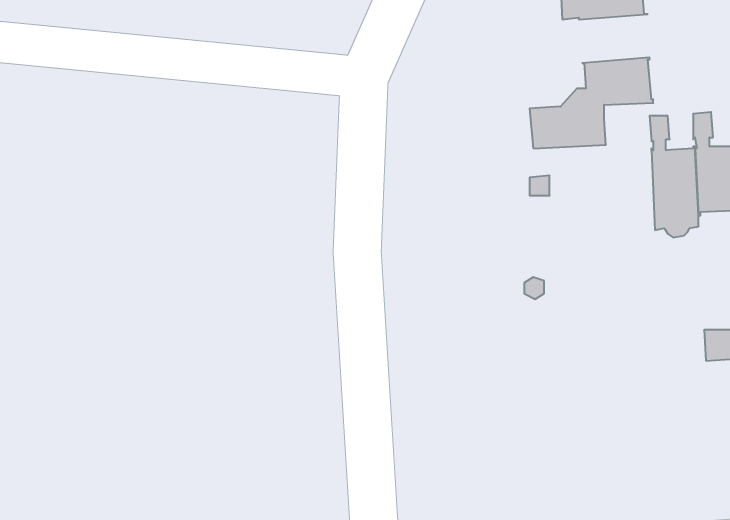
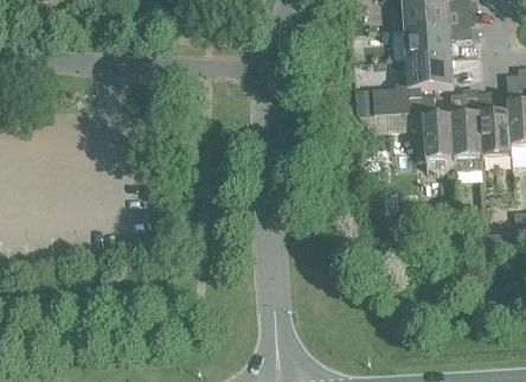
building: none -> [404,24,470,57]
building: none -> [421,93,454,172]

